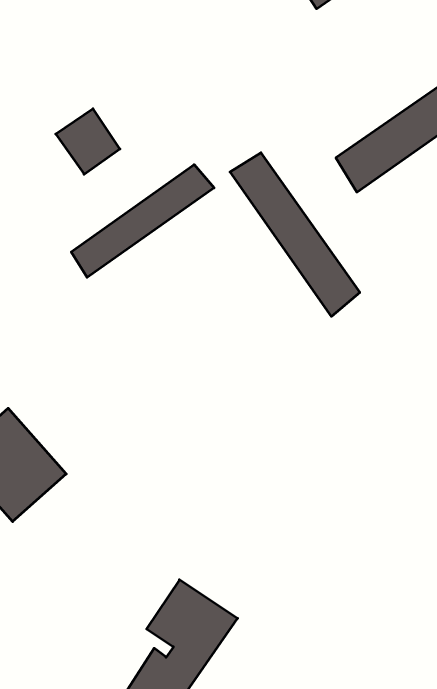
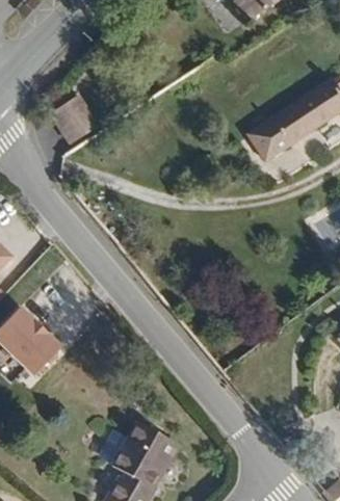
building: [230,153,360,316] -> none
building: [71,165,214,277] -> none

